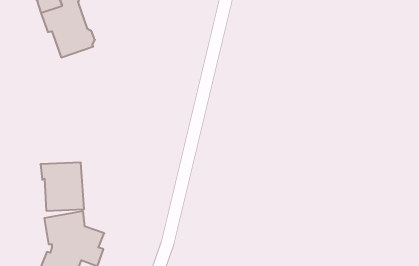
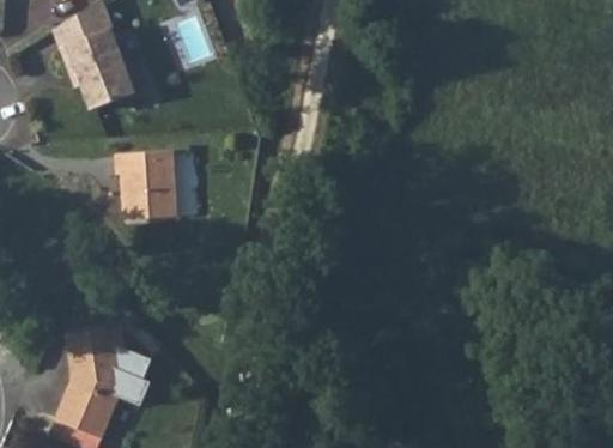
building: [40,163,84,211] -> [115,151,177,219]

